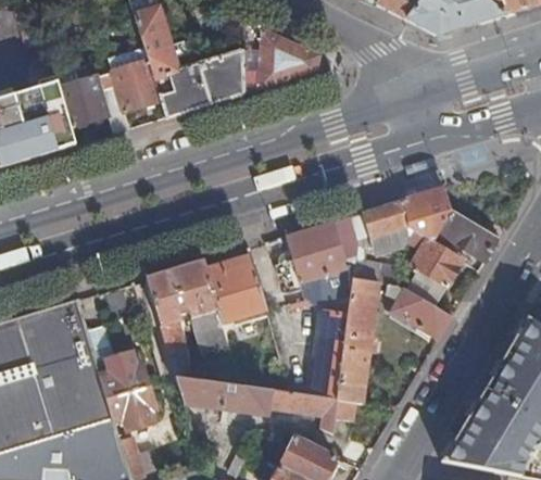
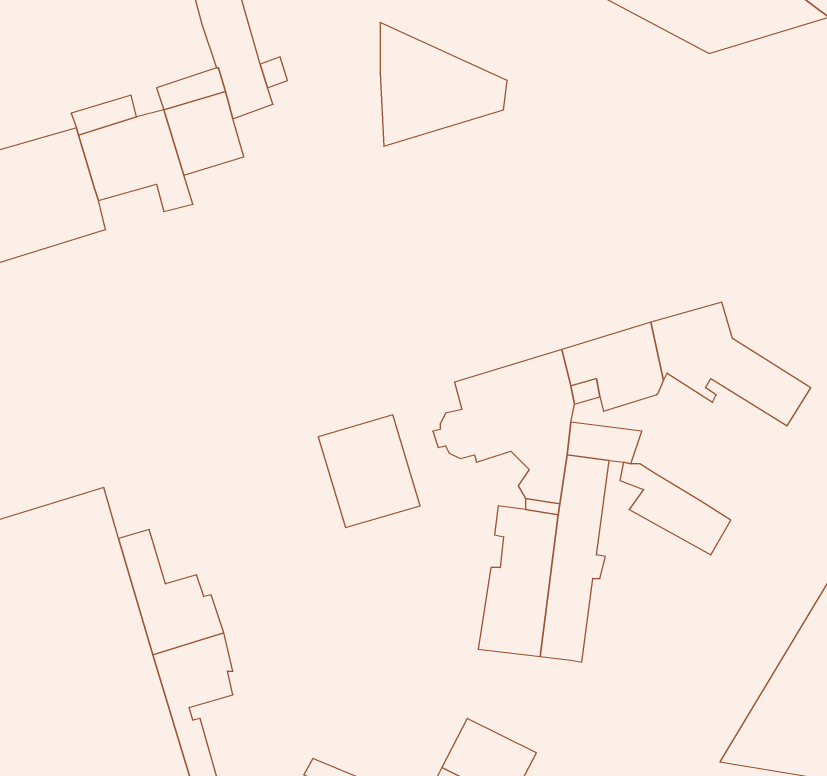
building: [154,50,244,117] -> none
building: [406,229,464,305] -> none
building: [147,260,229,353] -> none
building: [175,377,356,432] -> none

